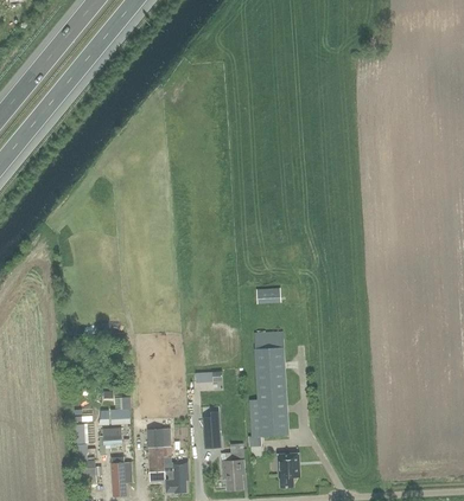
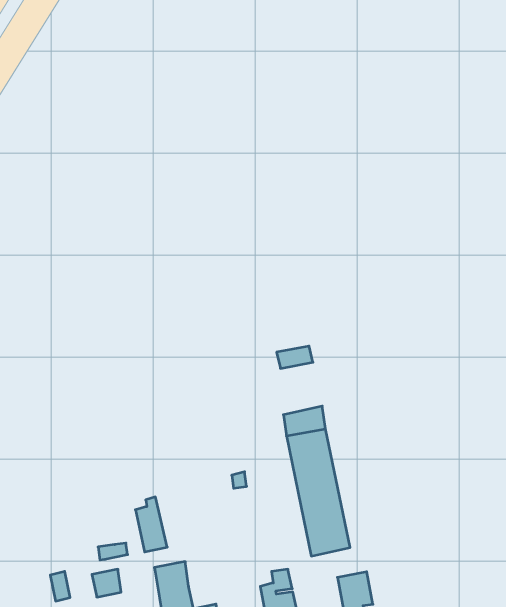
building: [202,411,221,449] -> [135,497,167,552]

